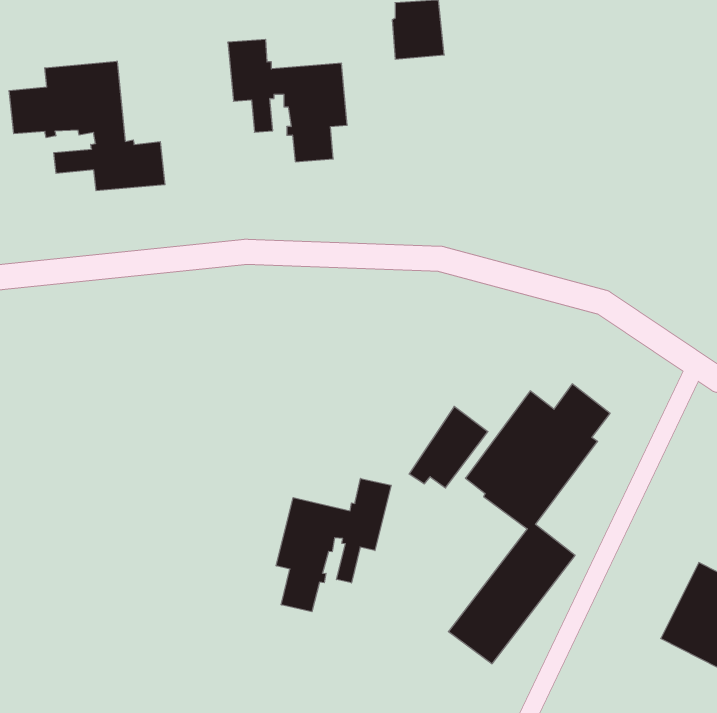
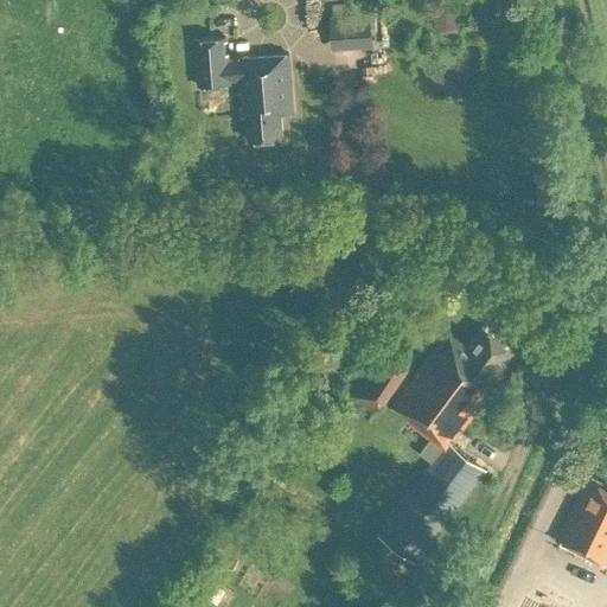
building: [9,61,165,191] -> none
building: [276,478,391,612] -> none

